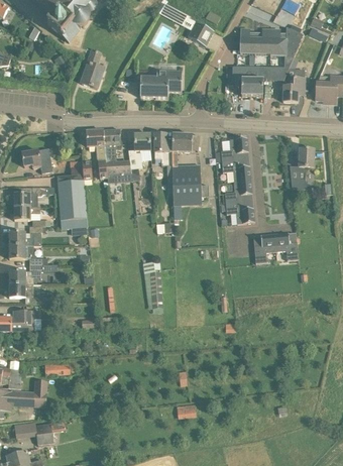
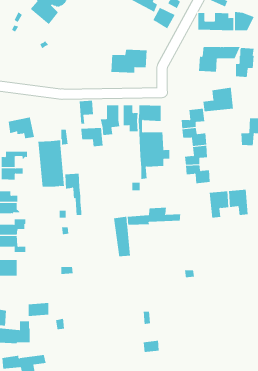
building: [79,47,105,90] -> none
building: none -> [203,87,234,112]
building: [86,129,106,178] -> [64,173,82,215]
building: none -> [127,207,181,226]

